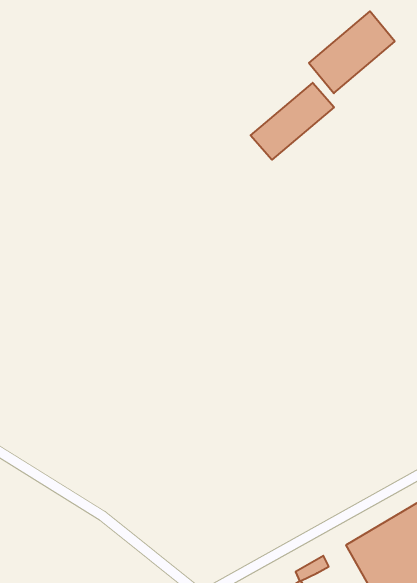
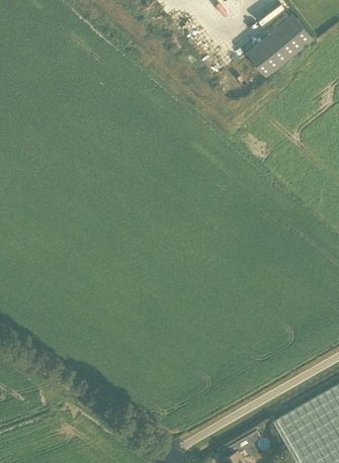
building: [251,83,334,160] -> none

